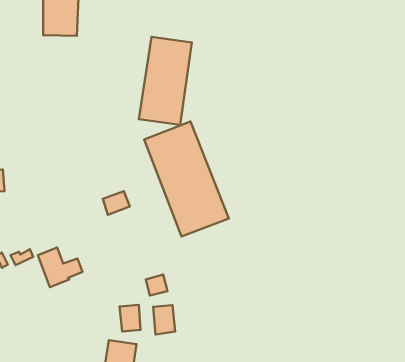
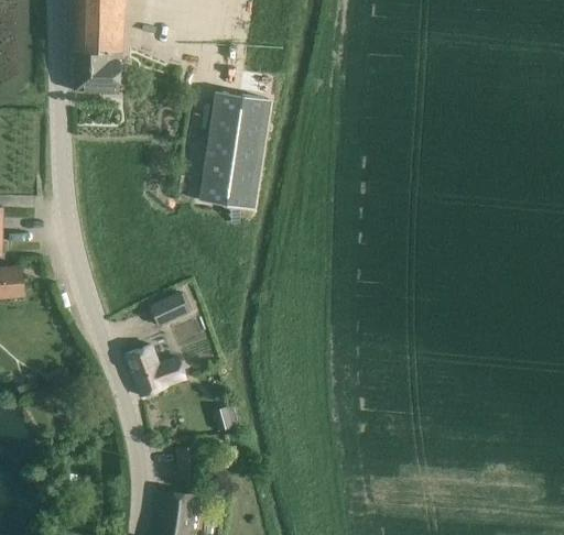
building: [144,122,229,237] -> none
building: [38,248,82,287] -> [124,343,183,395]
building: [153,305,175,334] -> none

